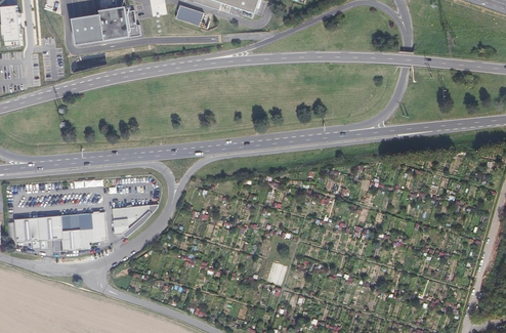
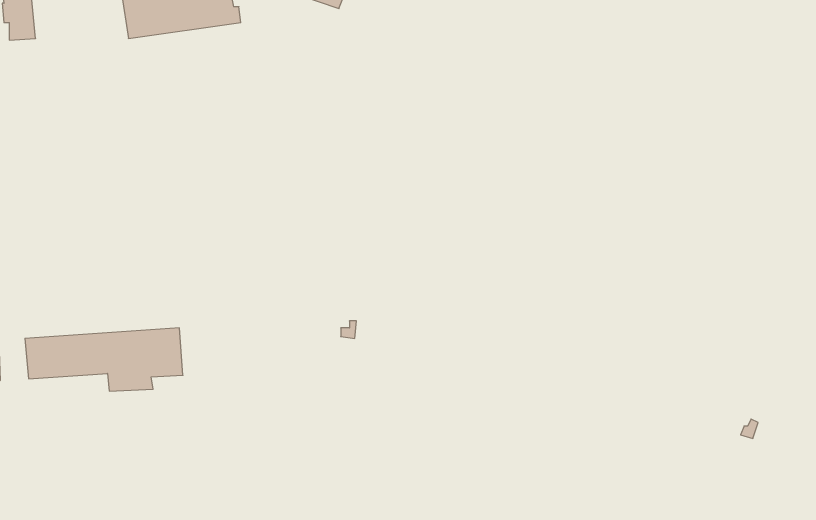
building: [113,203,158,237] -> none

